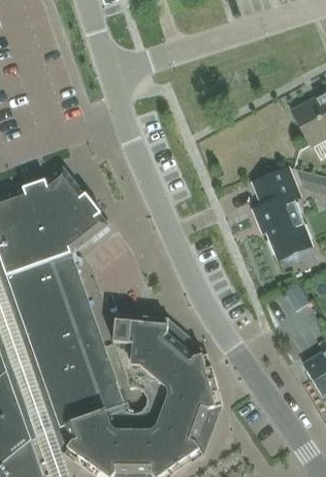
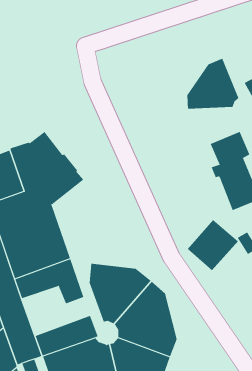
building: none -> [187,58,239,110]
building: none -> [187,219,239,271]
building: [36,347,116,404] -> none

